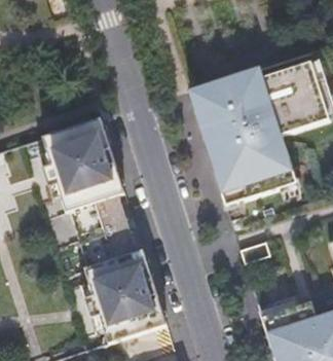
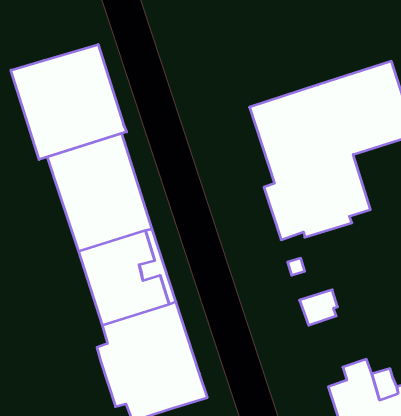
building: none -> [11,44,127,160]
building: [188,70,253,160] -> none

